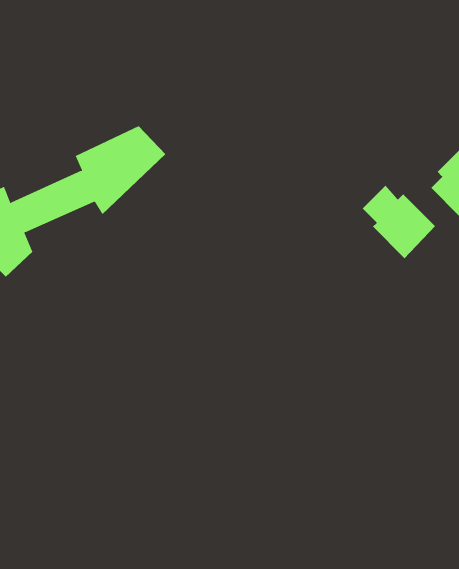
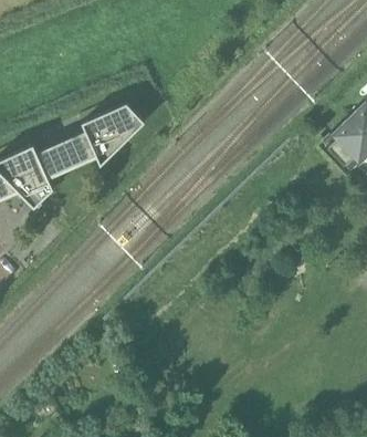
building: [362,185,436,259] -> none

